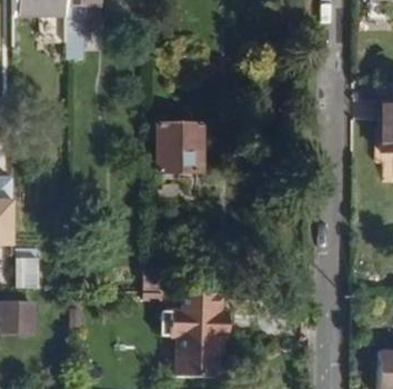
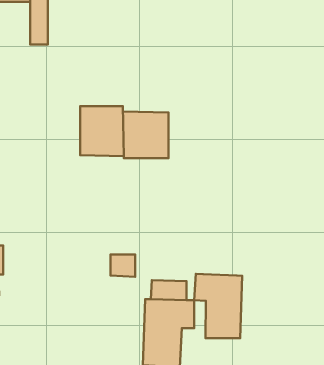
building: none -> [80,106,124,156]
building: none -> [194,274,242,338]

